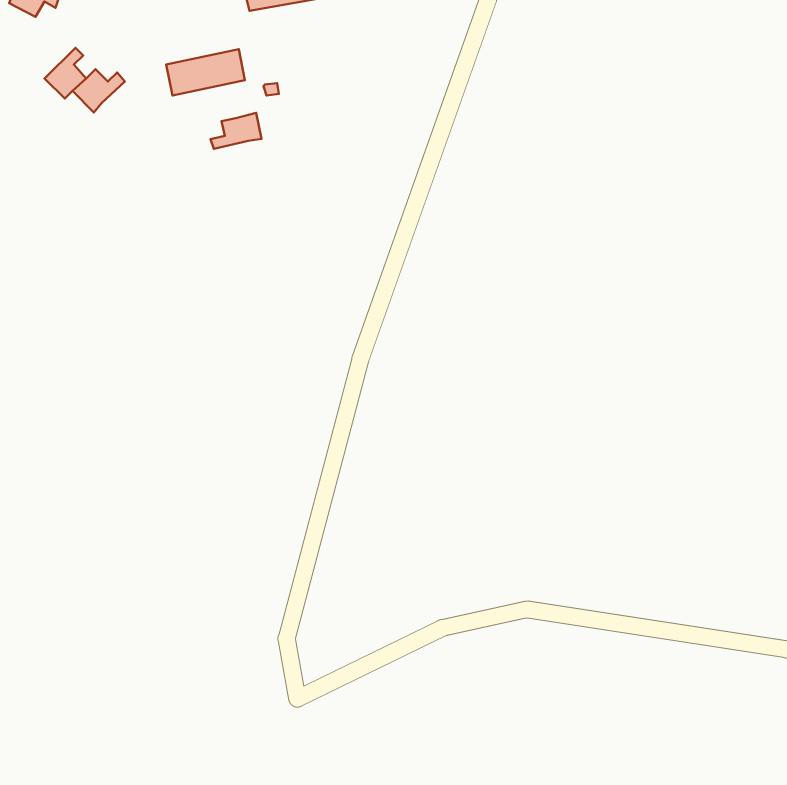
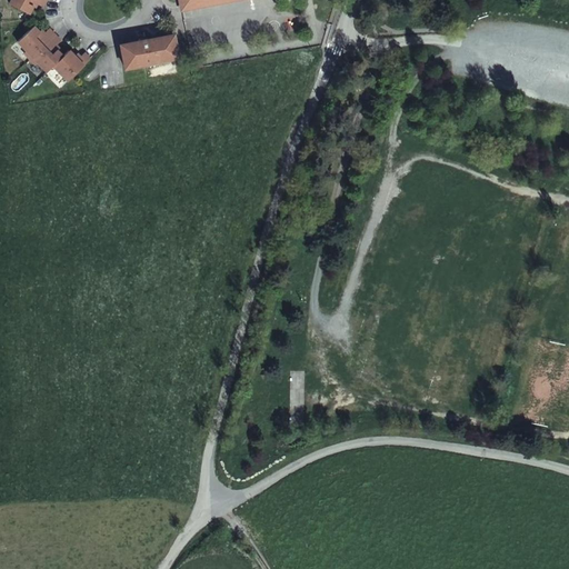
building: none -> [17,26,54,57]
building: [210,113,262,149] -> none

